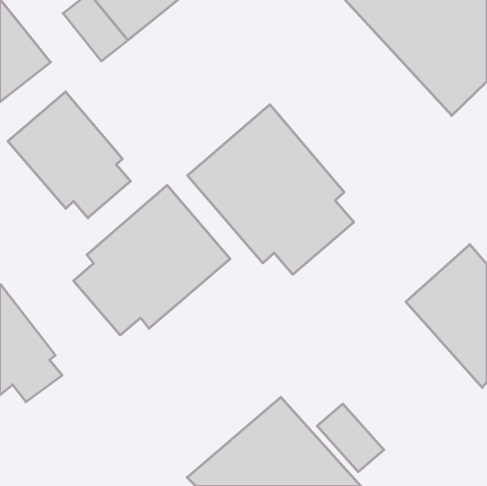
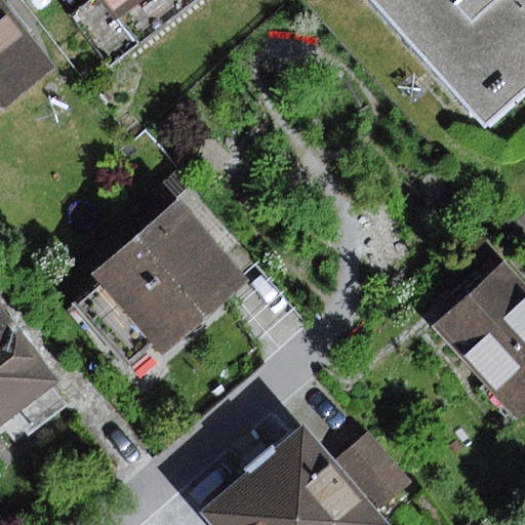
building: [8,92,131,218] -> none
building: [188,105,354,274] -> none

